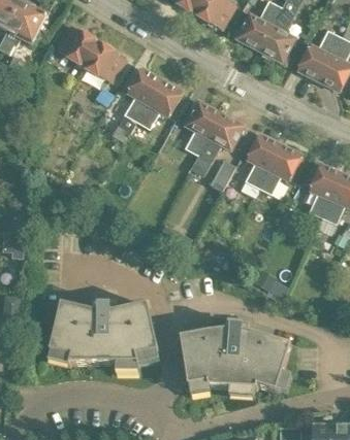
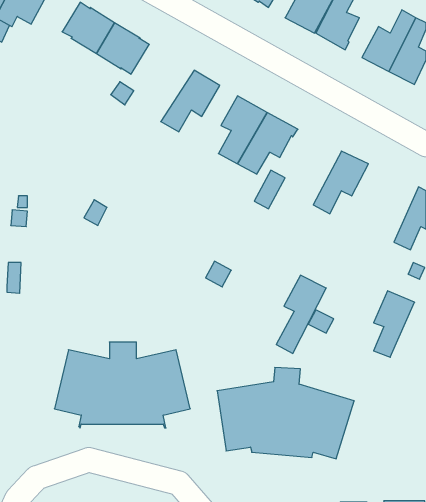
building: [110,67,161,139] -> none
building: [240,133,280,196] -> [276,275,326,353]
building: [309,163,342,216] -> [374,291,415,357]

